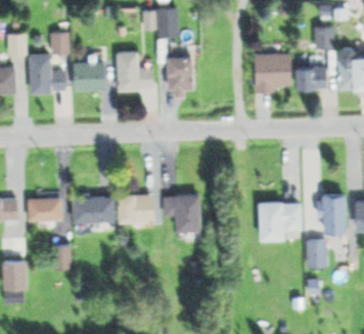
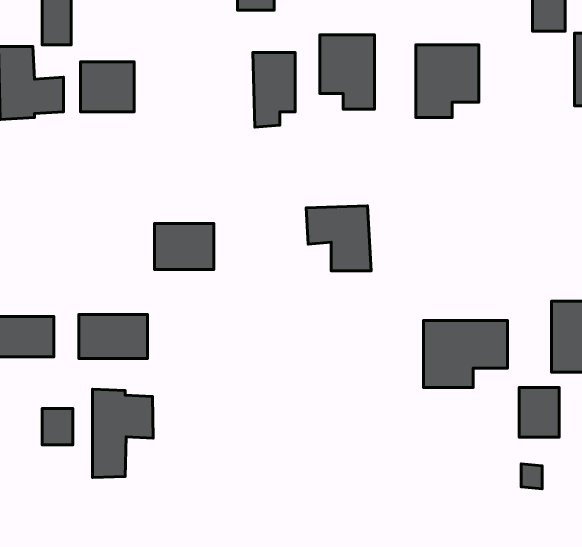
building: none -> [320,35,375,109]
building: [117,54,152,91] -> none
building: [295,67,324,90] -> none
building: [163,196,197,231] -> [306,206,371,271]
building: [119,198,150,223] -> [154,224,214,270]
building: none -> [93,389,153,477]

